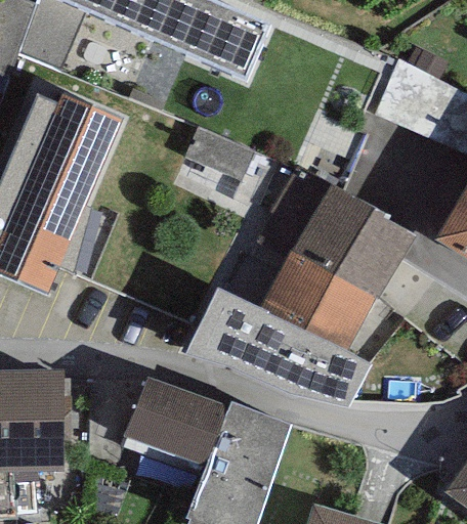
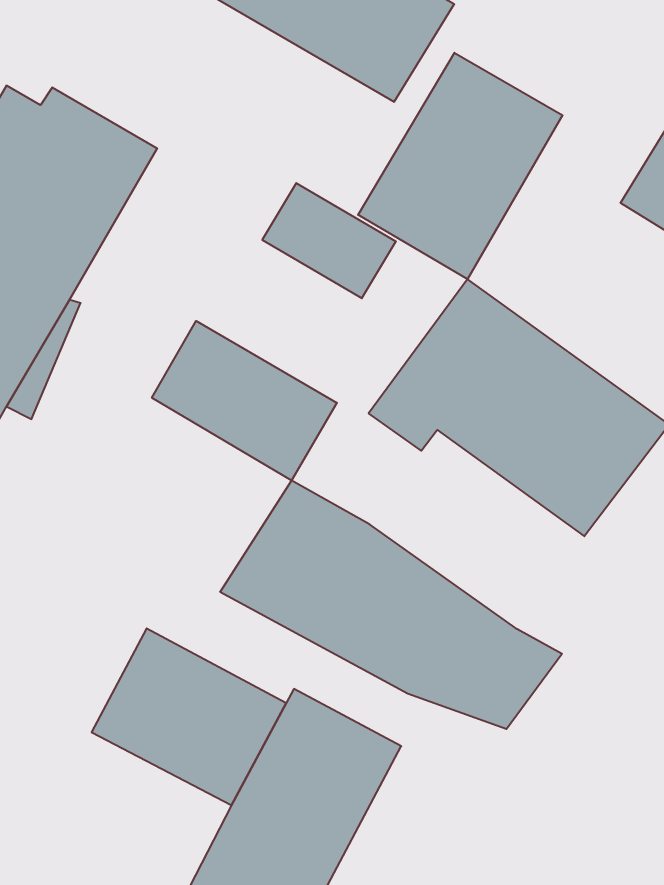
building: none -> [358,53,563,279]
building: none -> [152,321,337,480]
building: [260,250,376,351] -> none

